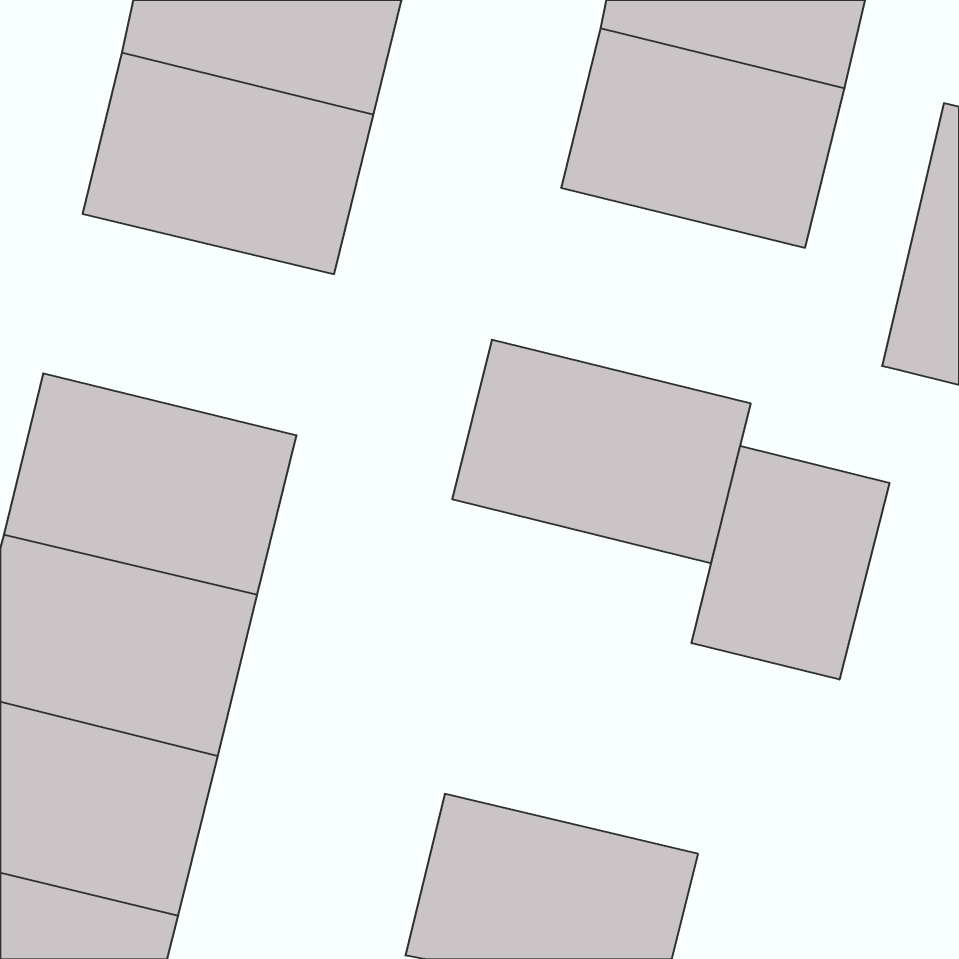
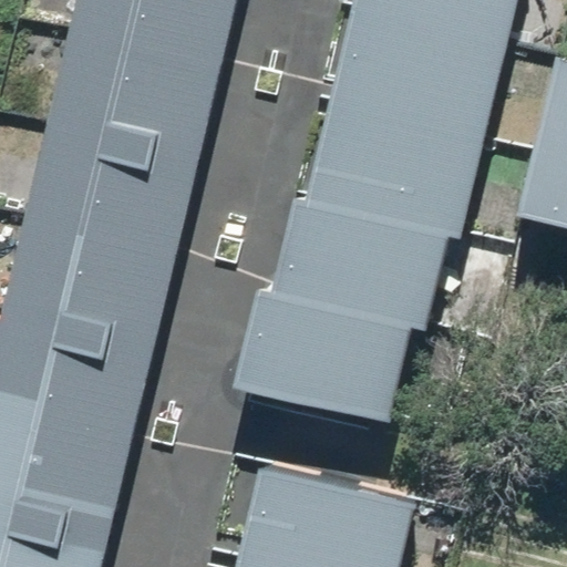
building: none -> [308,111,475,240]
building: none -> [25,126,197,257]
building: [692,446,890,680] -> none
building: none -> [229,291,410,424]

